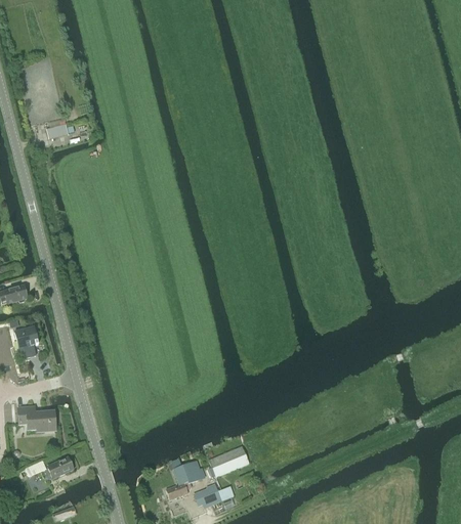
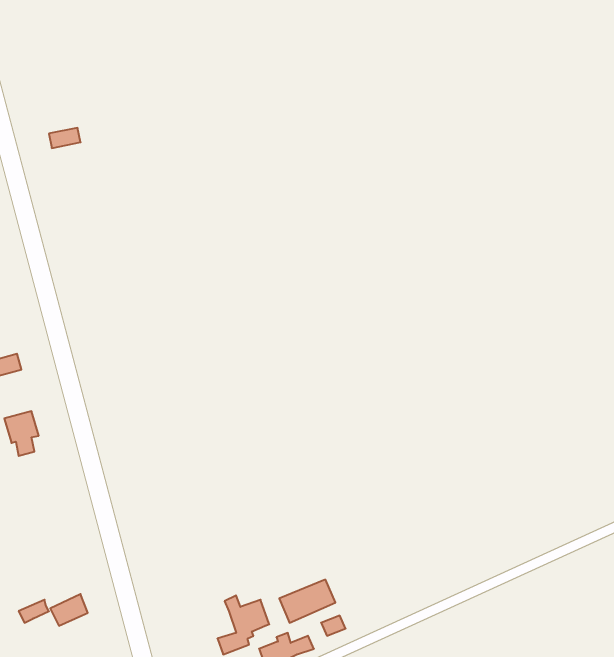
building: [17,405,55,429] -> none

